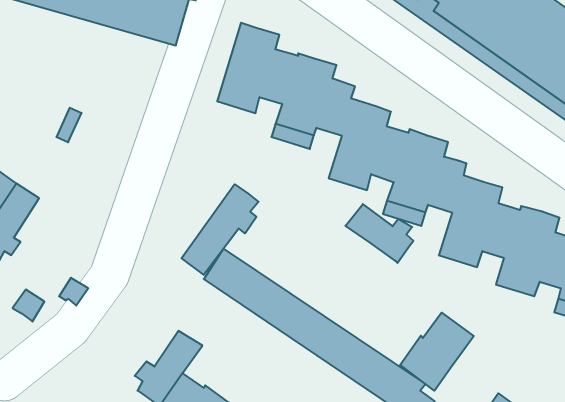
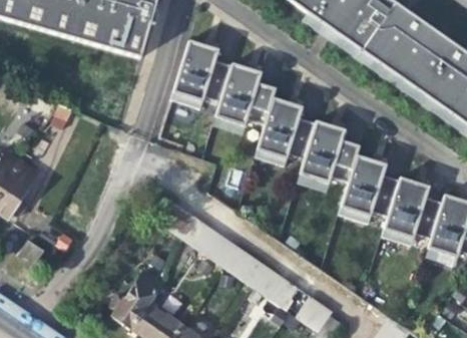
building: [182,184,259,275] -> none
building: [345,204,413,263] -> none
building: [400,313,474,391] -> none

